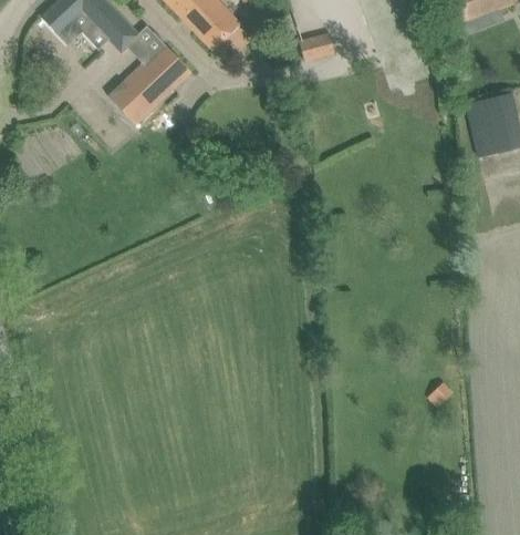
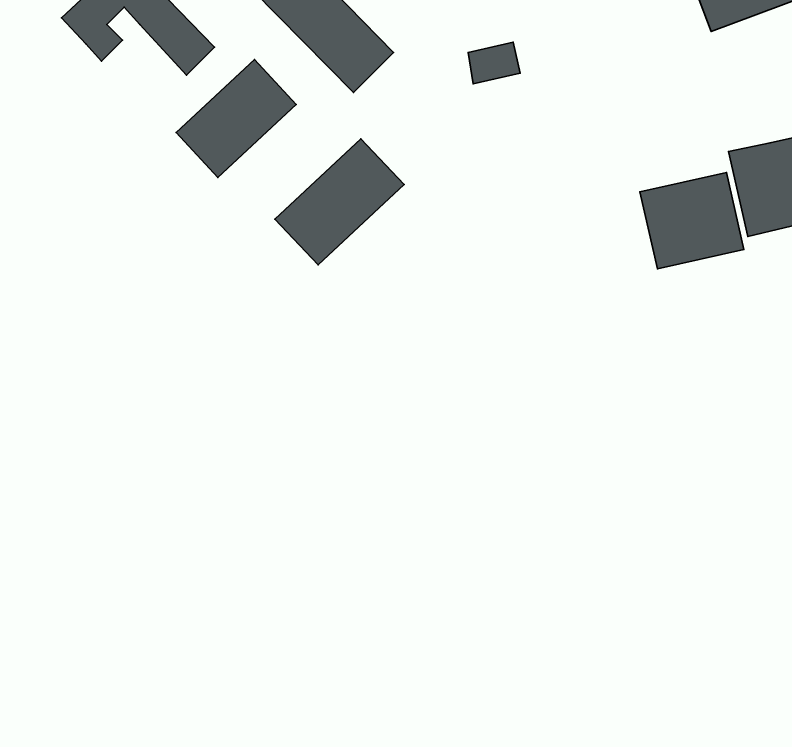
building: none -> [275,139,404,265]
building: none -> [640,172,744,269]

